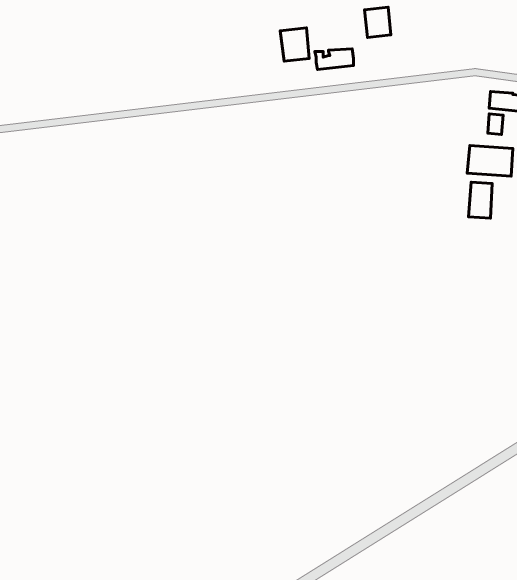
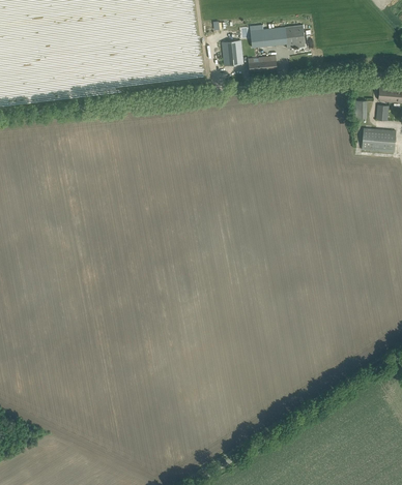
building: none -> [250,28,276,47]
building: [468,182,492,218] -> none

